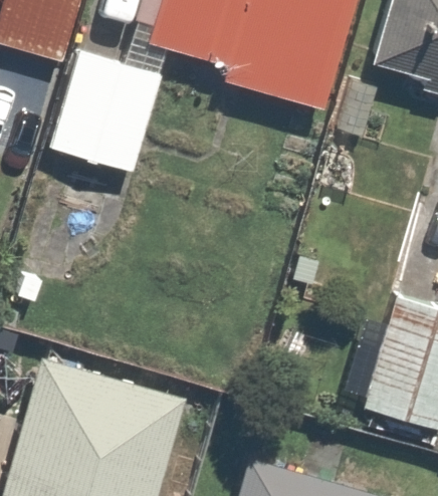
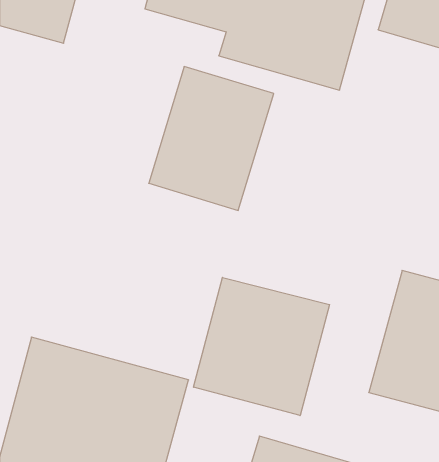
building: [47,43,168,182] -> [149,67,274,210]
building: none -> [194,277,330,416]

